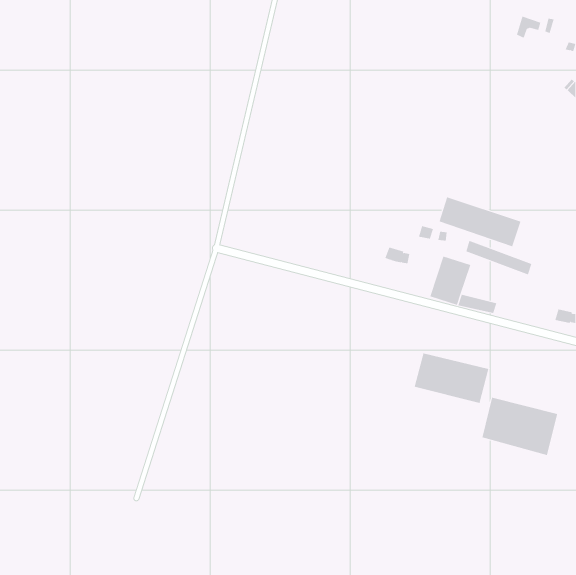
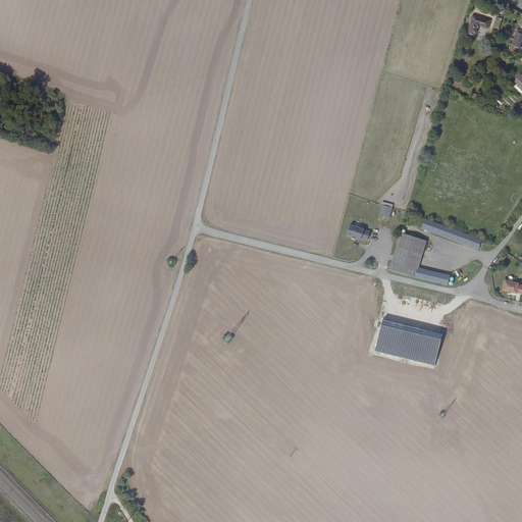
building: [439,196,521,247] -> none
building: [482,397,558,456] -> none

